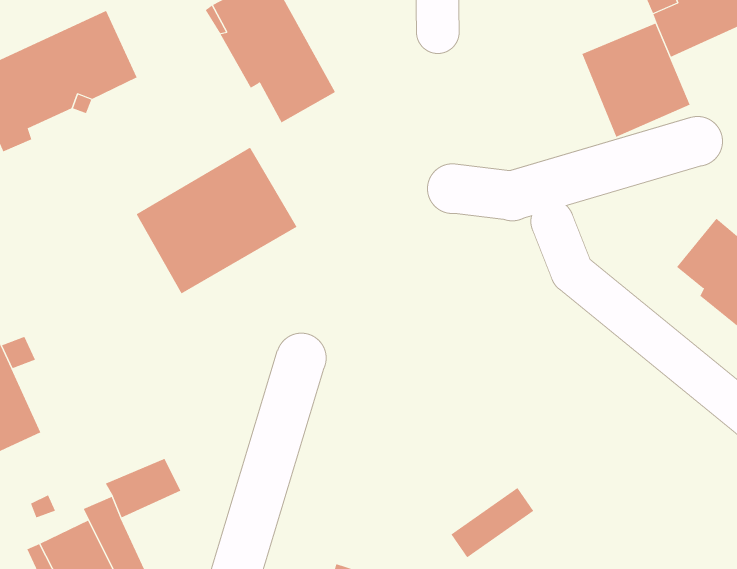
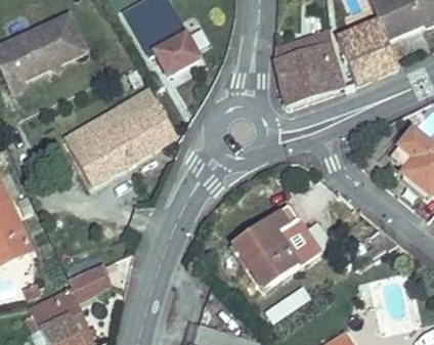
building: none -> [276,28,343,103]
building: none -> [66,128,112,184]
building: none -> [231,204,324,289]

